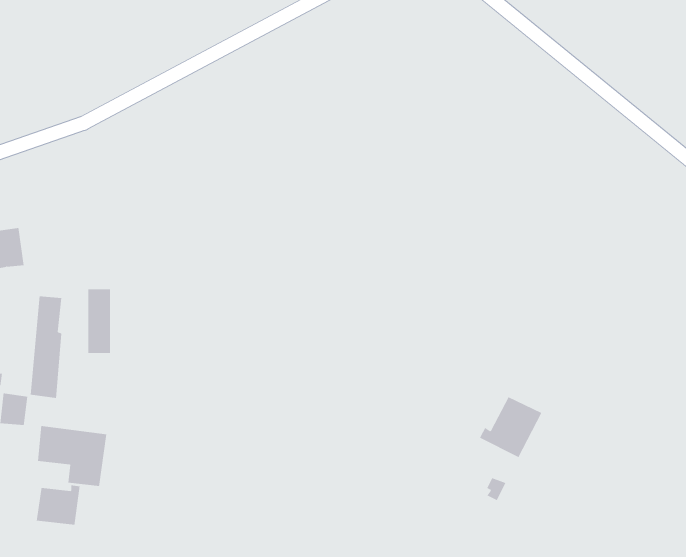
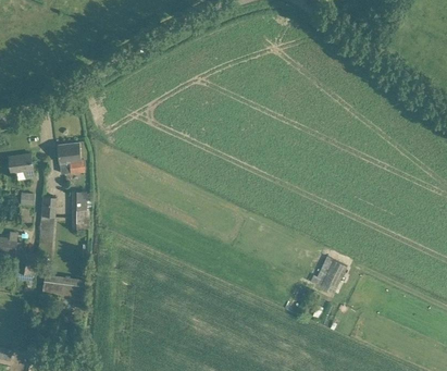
building: none -> [57,141,84,174]
building: [36,485,80,526] -> none

